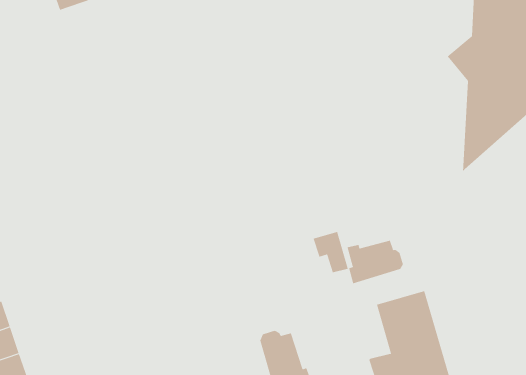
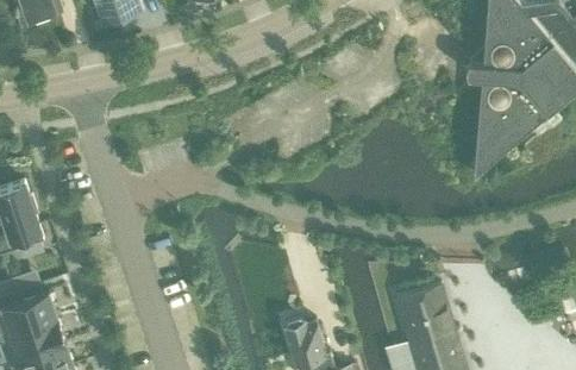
building: [313,231,404,284] -> none

